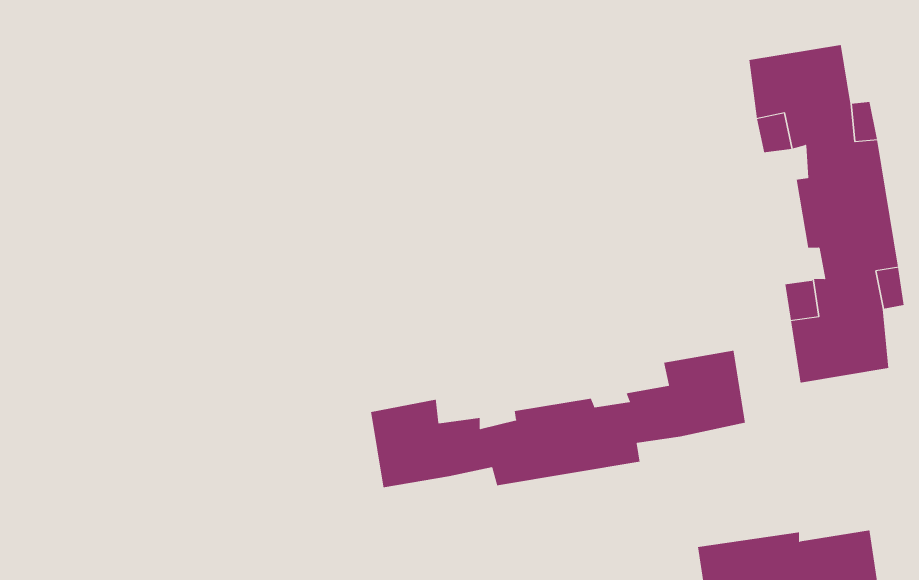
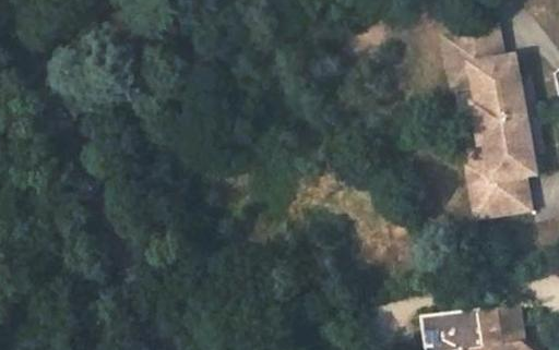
building: [370,350,746,488] -> none

